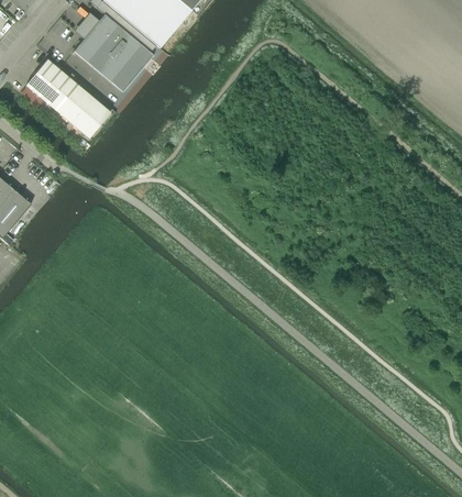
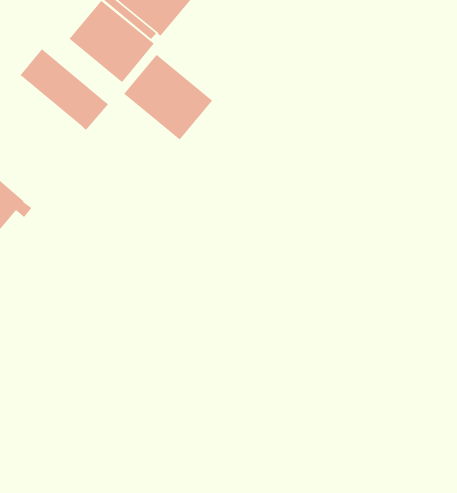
building: none -> [123,54,213,141]

